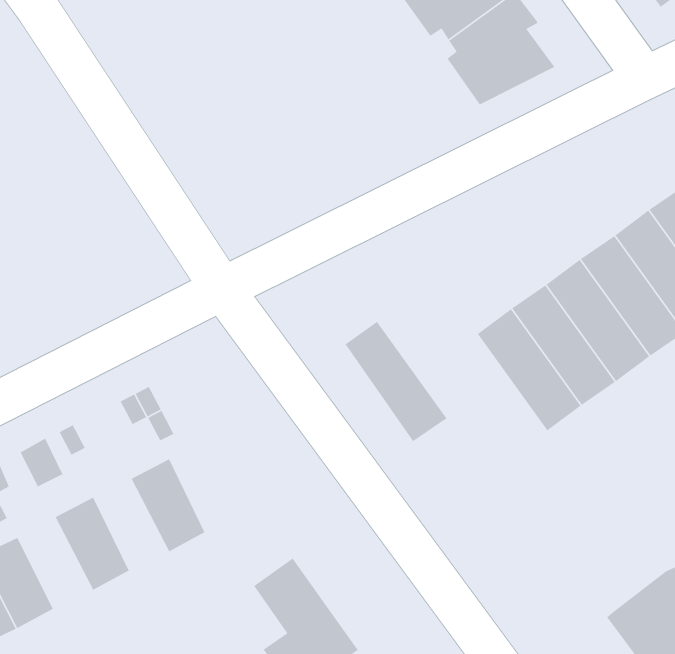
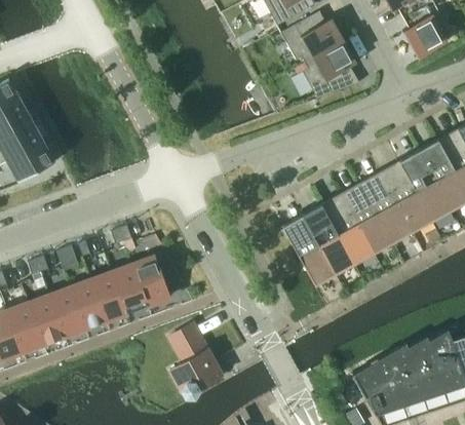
building: [345,321,448,442] -> [284,217,334,282]
building: none -> [134,256,170,304]
building: none -> [92,271,128,319]
building: none -> [50,286,86,335]

